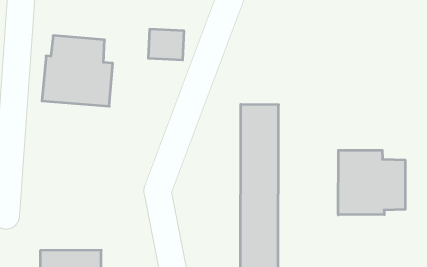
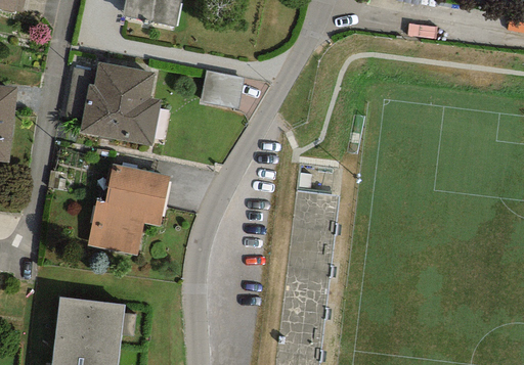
building: none -> [88,164,171,256]
building: [338,150,405,215] -> none

